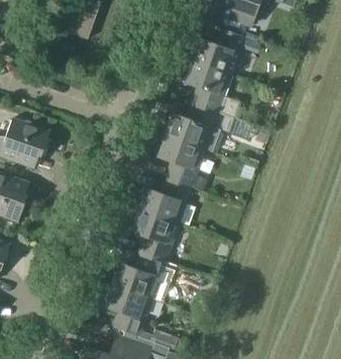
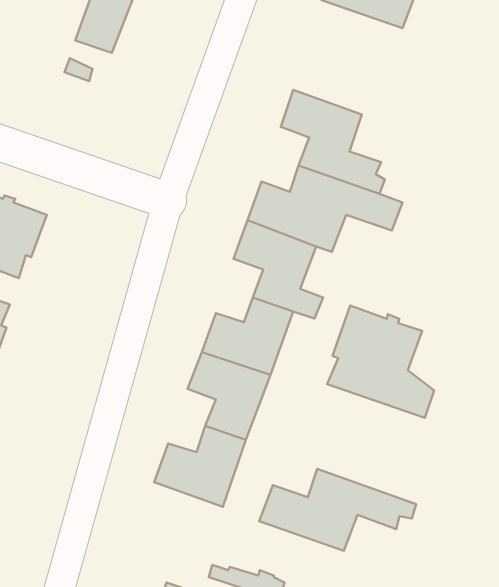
building: [190,27,243,74] -> none
building: none -> [327,306,434,418]
building: none -> [259,469,416,551]
building: [102,284,149,336] -> none

